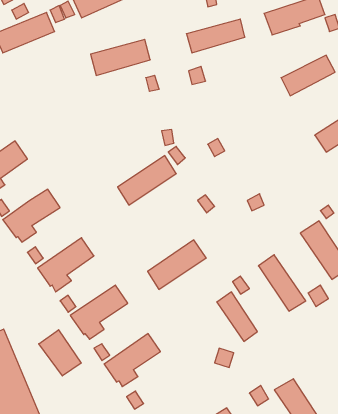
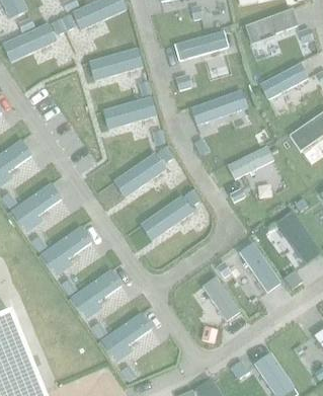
building: none -> [190,88,246,125]
building: none -> [102,96,156,130]
building: none -> [227,145,273,179]
building: [148,240,206,289] -> [140,196,192,241]
building: [39,330,81,376] -> none

